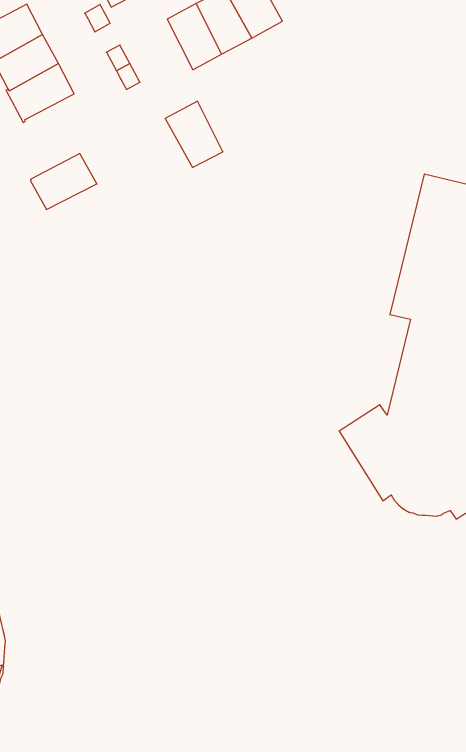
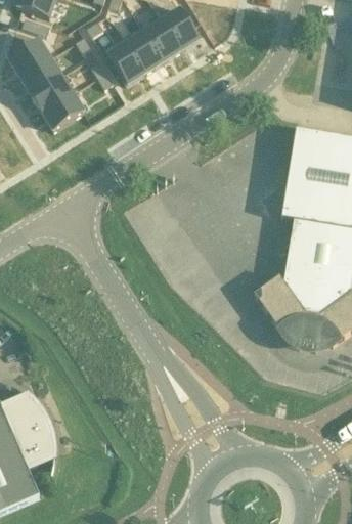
building: [165,101,223,167] -> [107,40,145,82]
building: [31,154,97,210] -> [42,91,84,128]

